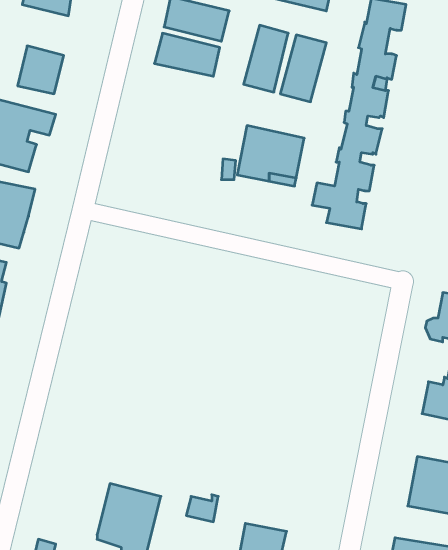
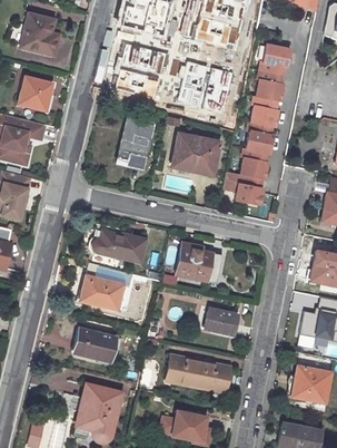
building: none -> [117,118,151,164]
building: none -> [95,231,147,263]
building: none -> [177,247,214,281]
building: none -> [82,276,121,309]
building: none -> [205,308,238,333]
building: none -> [73,329,117,362]
building: none -> [166,354,231,392]

